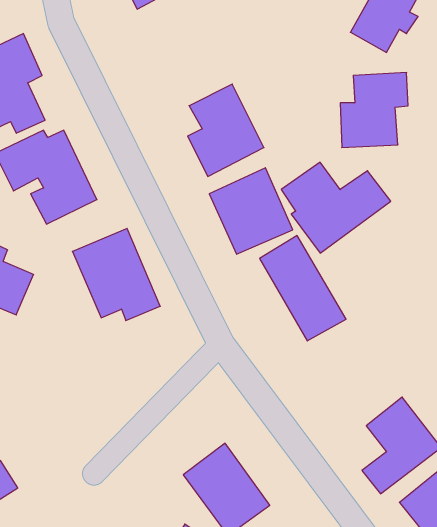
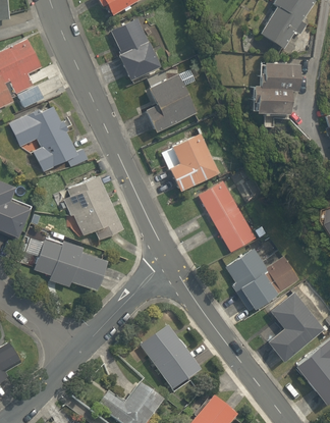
building: none -> [106,17,158,84]
building: [281,162,391,253] -> [222,248,299,312]
building: none -> [33,236,108,289]

